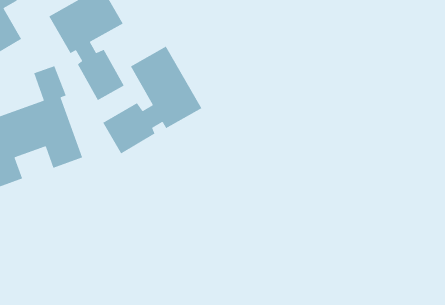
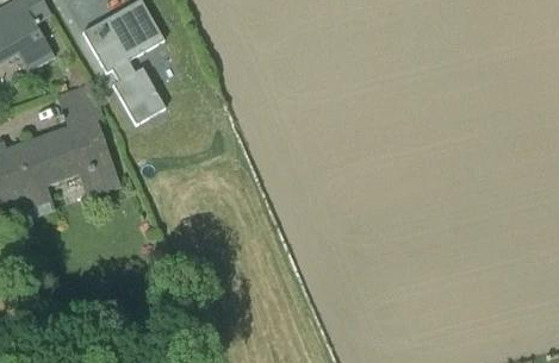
building: [102,45,202,155] -> none

